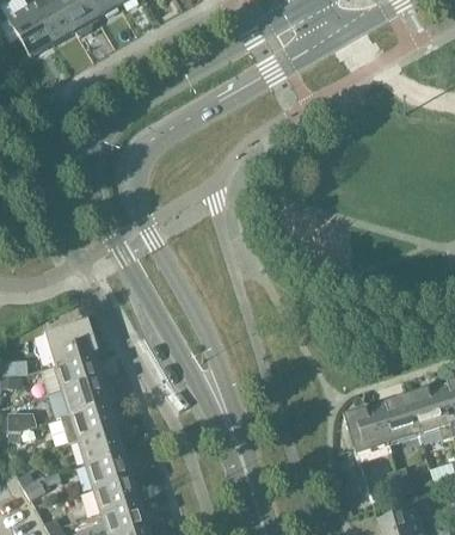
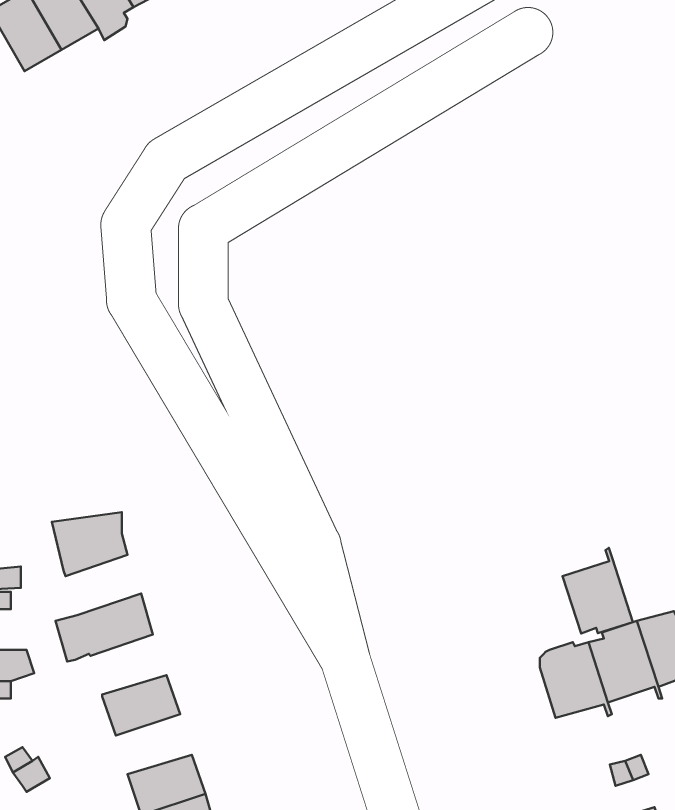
building: none -> [562,548,633,634]
building: [53,352,99,389] -> none
building: [59,401,115,442] -> none
building: [84,450,130,487] -> none

